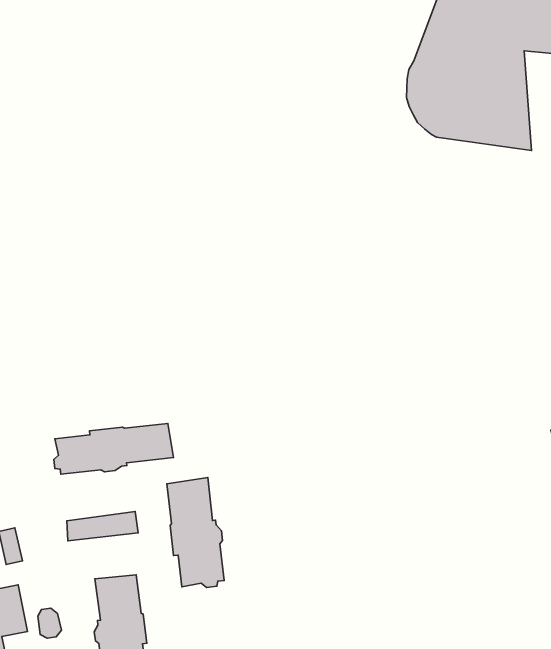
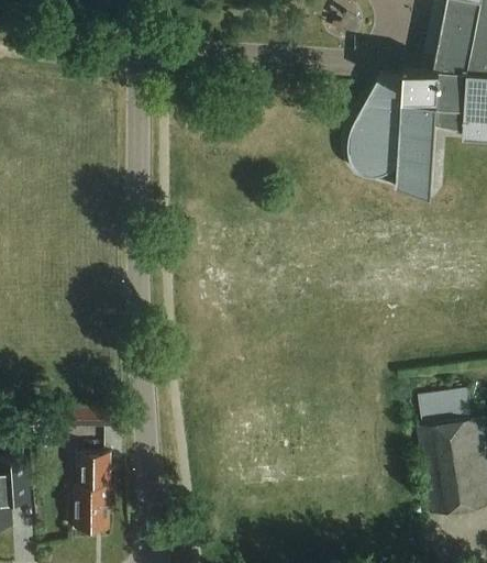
building: [54,423,174,474] -> none
building: [167,478,224,587] -> none

